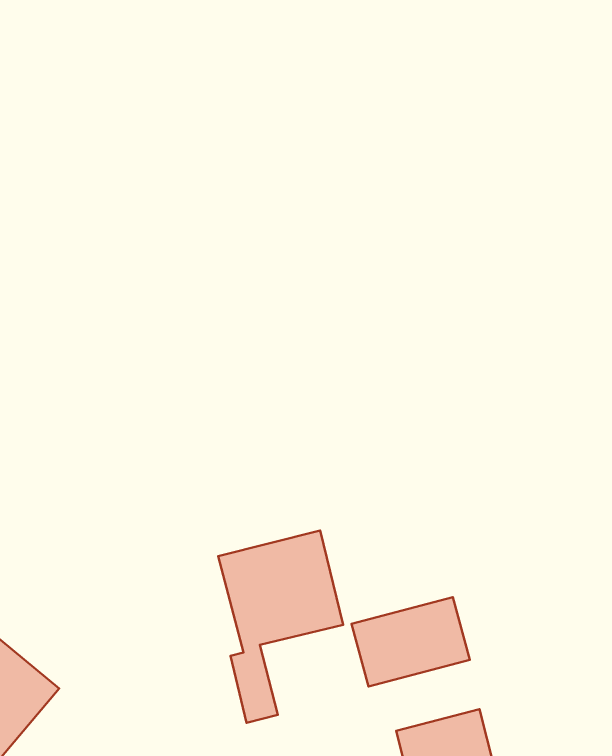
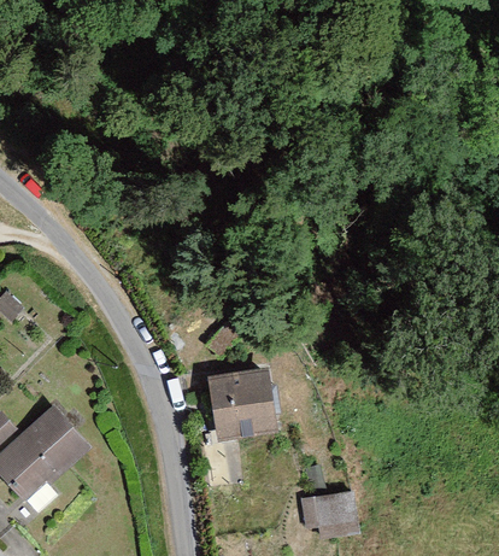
building: [351,597,470,686] -> none

